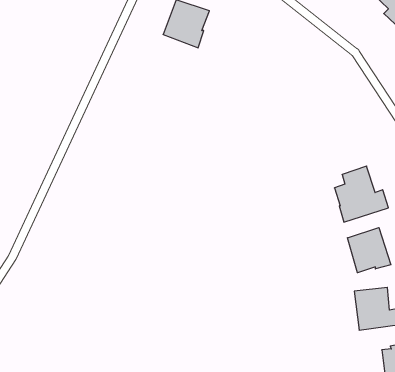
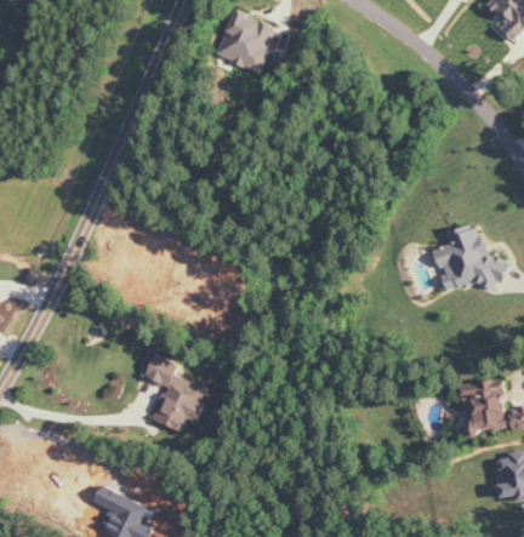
building: [347,228,391,273] -> none
building: none -> [142,355,209,428]

